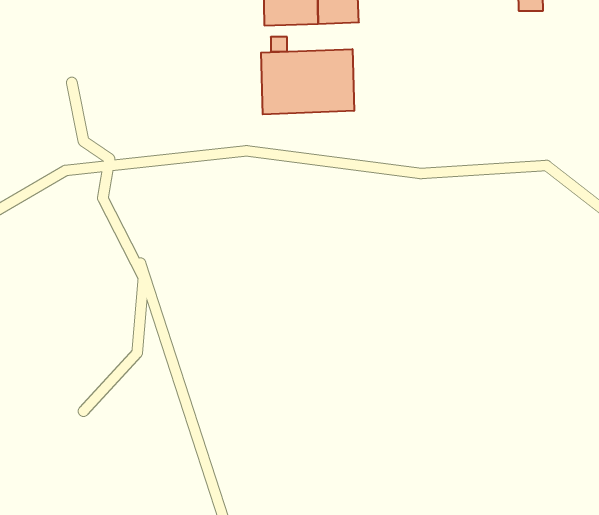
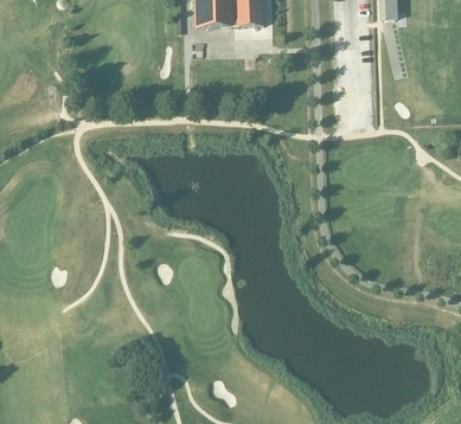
building: [261,49,354,114] -> none

